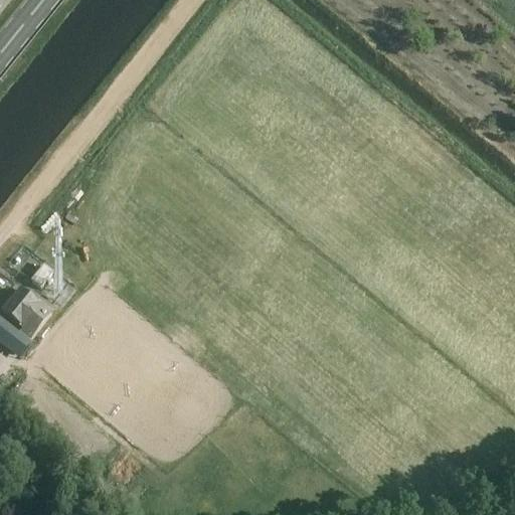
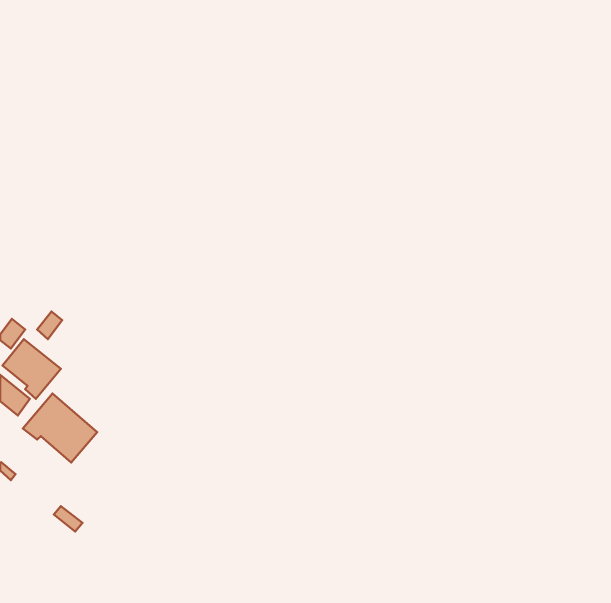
building: none -> [23,393,97,462]

